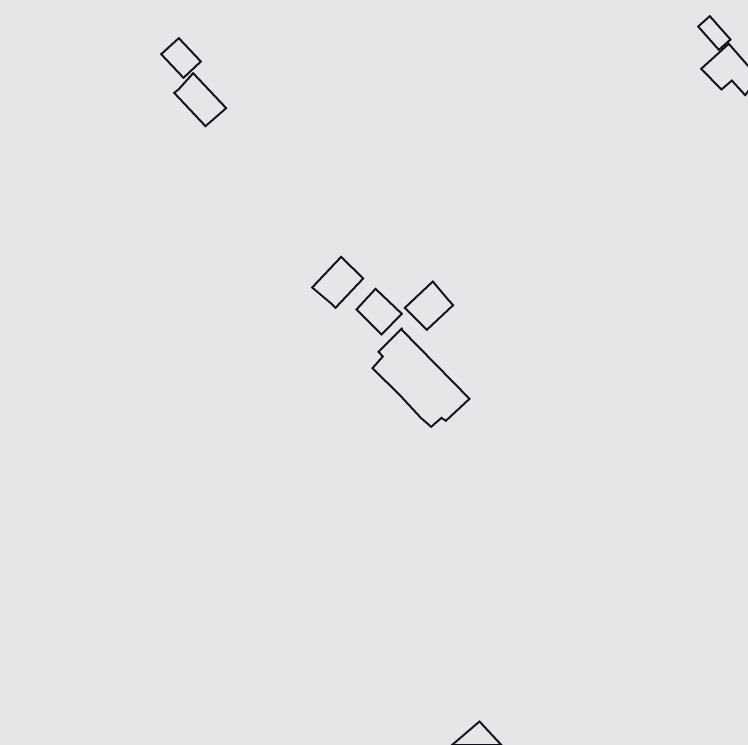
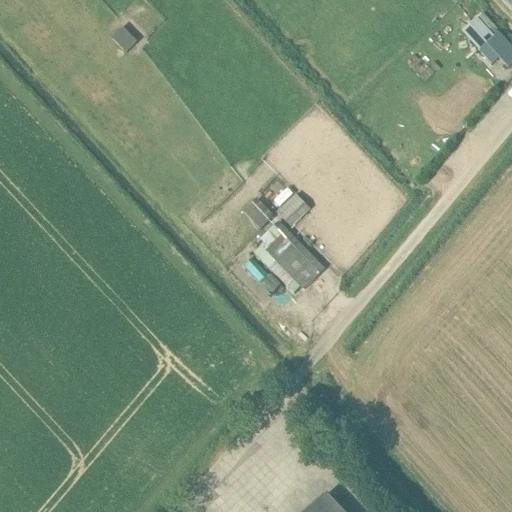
building: [174,73,226,126] -> none
building: [312,257,363,308] -> none

